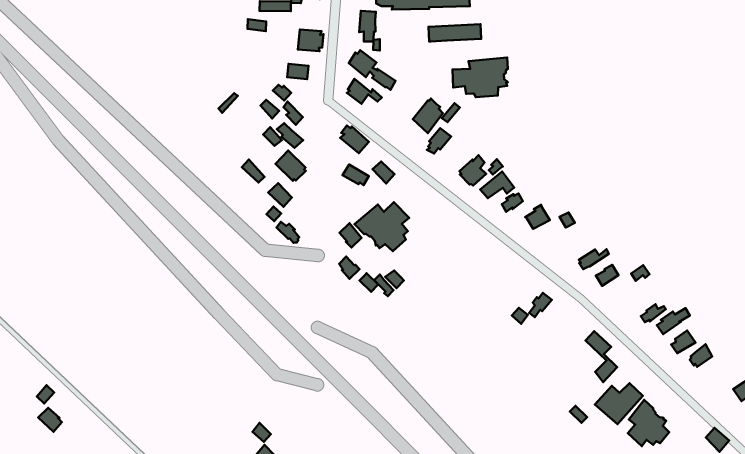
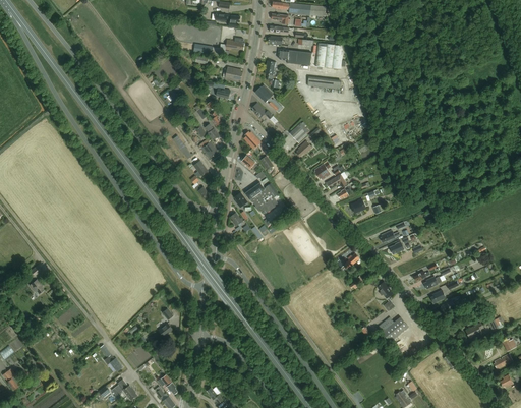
building: [452,58,508,97] -> none
building: [628,400,669,446] -> none

